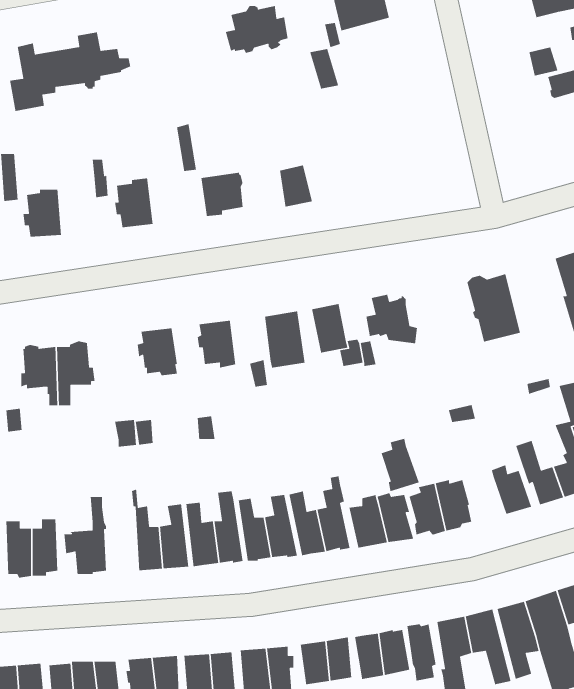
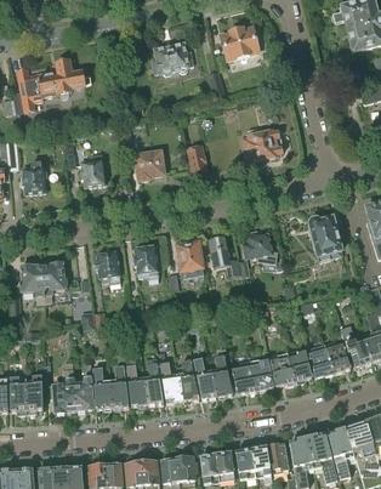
building: none -> [241,130,283,160]
building: [380,438,420,492] -> [308,343,334,379]
building: none -> [74,366,93,409]

